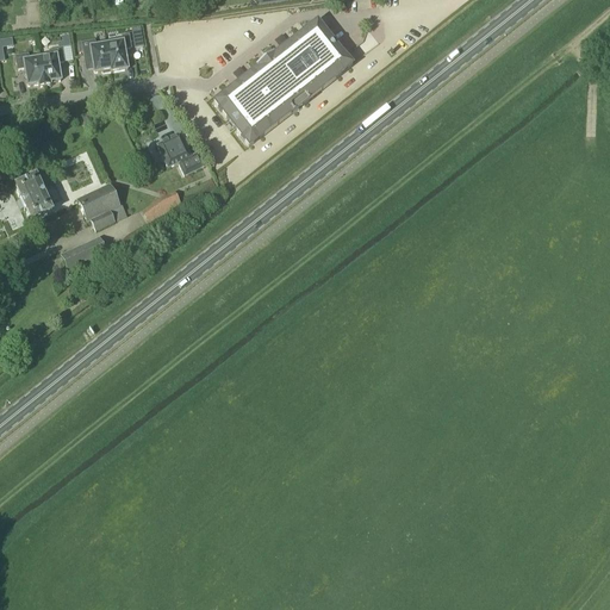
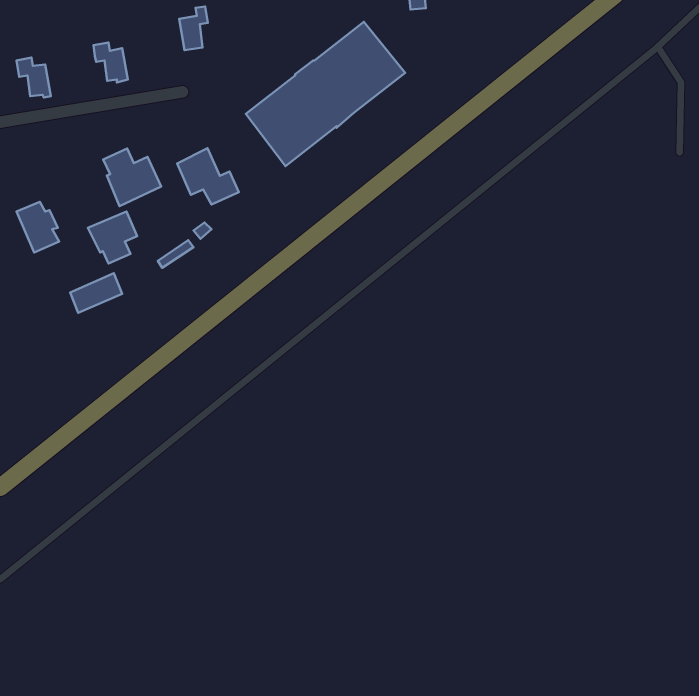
building: [108,31,133,69] -> [179,6,208,50]
building: [42,44,67,83] -> none
building: none -> [103,148,161,206]

